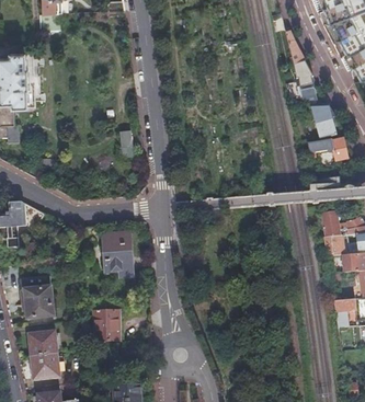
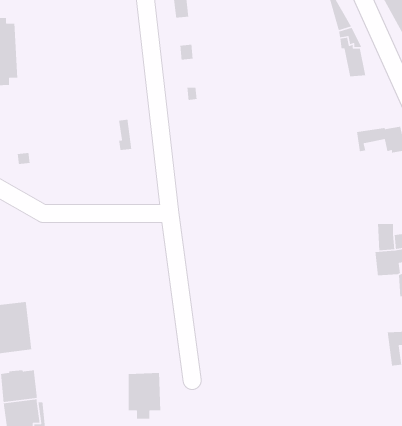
building: [311,105,335,140] -> none
building: [102,233,133,280] -> none
building: [93,310,119,347] -> [128,372,161,419]

